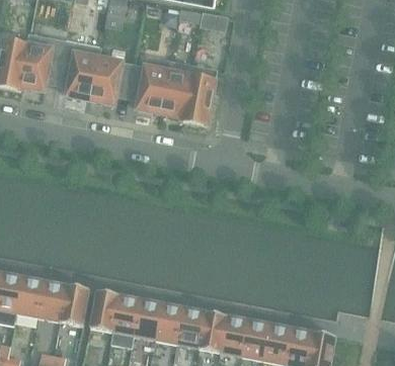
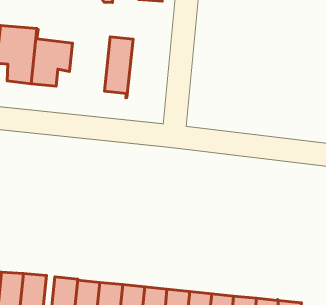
building: [128,57,170,114] -> none
building: [181,66,217,126] -> none

